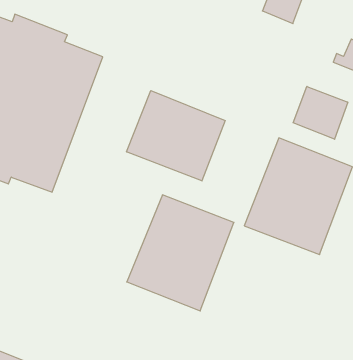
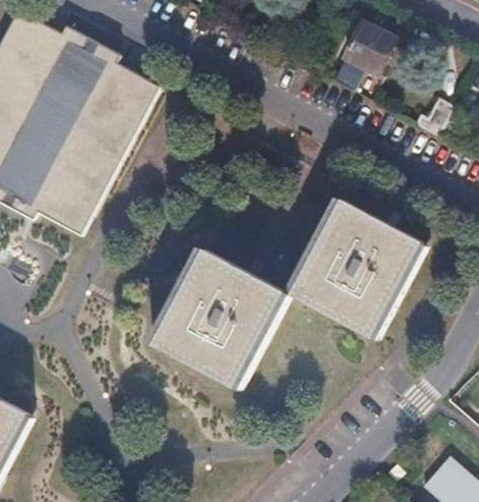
building: [293,86,348,139] -> none
building: [127,91,225,181] -> none

